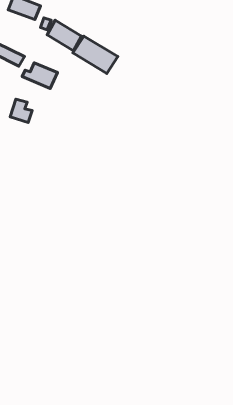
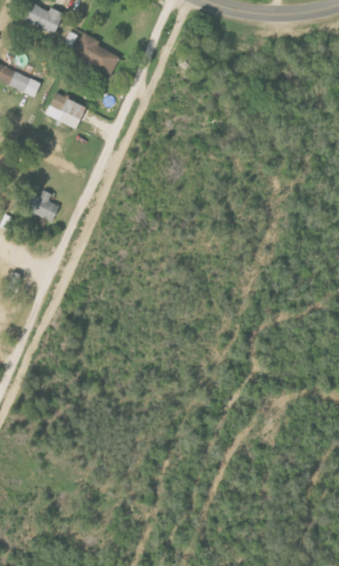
building: [73,36,118,73] -> none
building: [10,99,32,122] -> [29,189,59,221]

